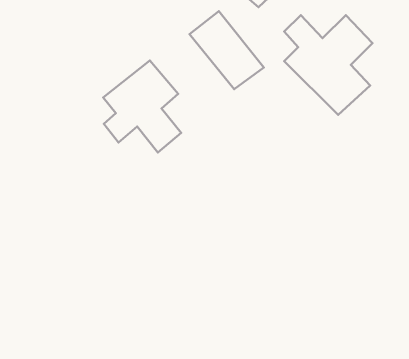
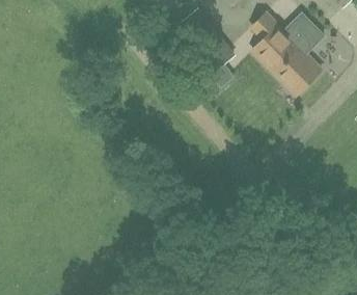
building: [103,60,181,152] -> none

